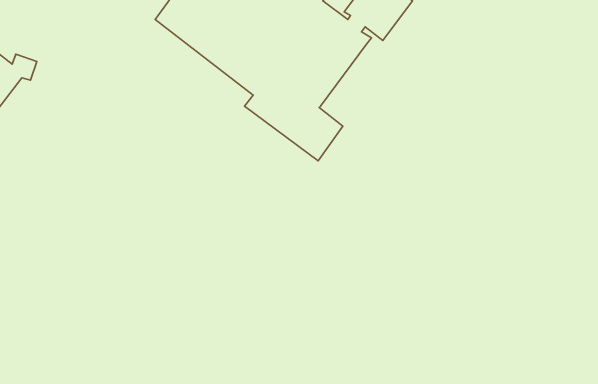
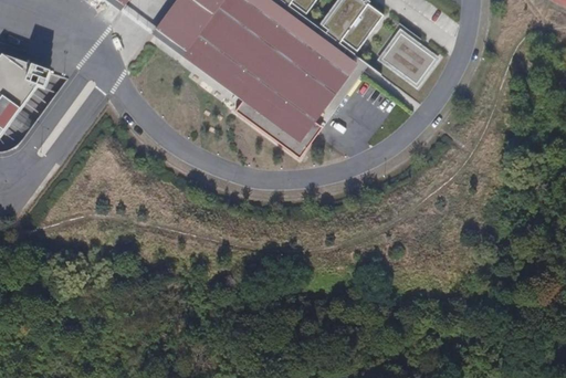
building: none -> [376,27,439,87]
building: none -> [301,53,355,118]

